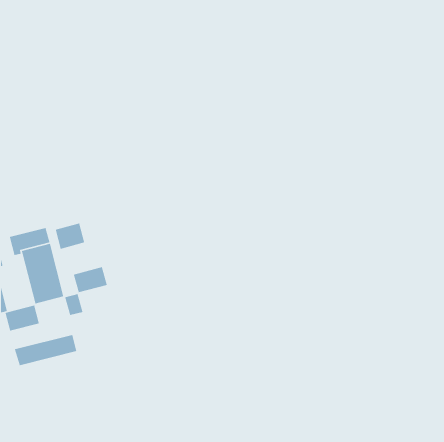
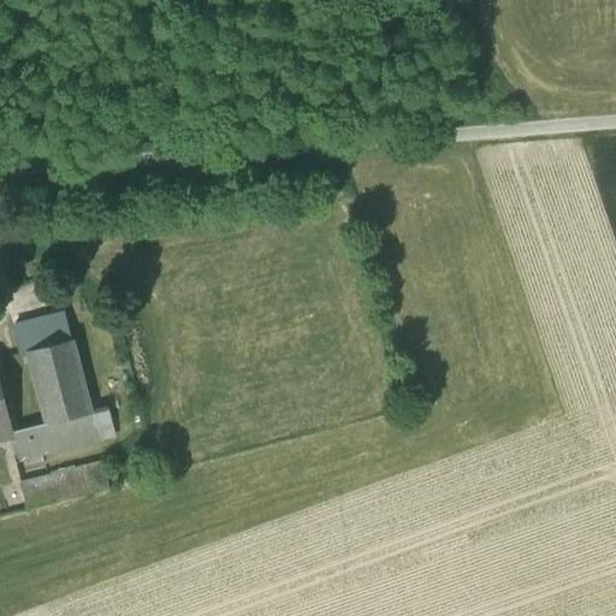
building: [55,222,85,250] -> none
building: [73,266,108,293] -> [48,410,96,448]

